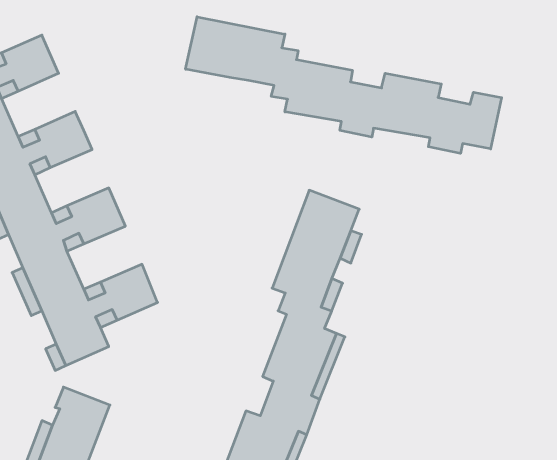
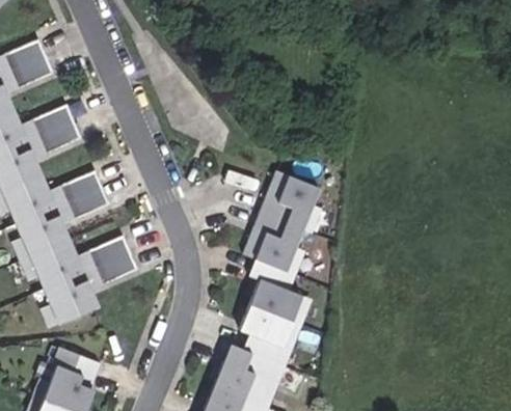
building: [186,17,502,153] -> none

